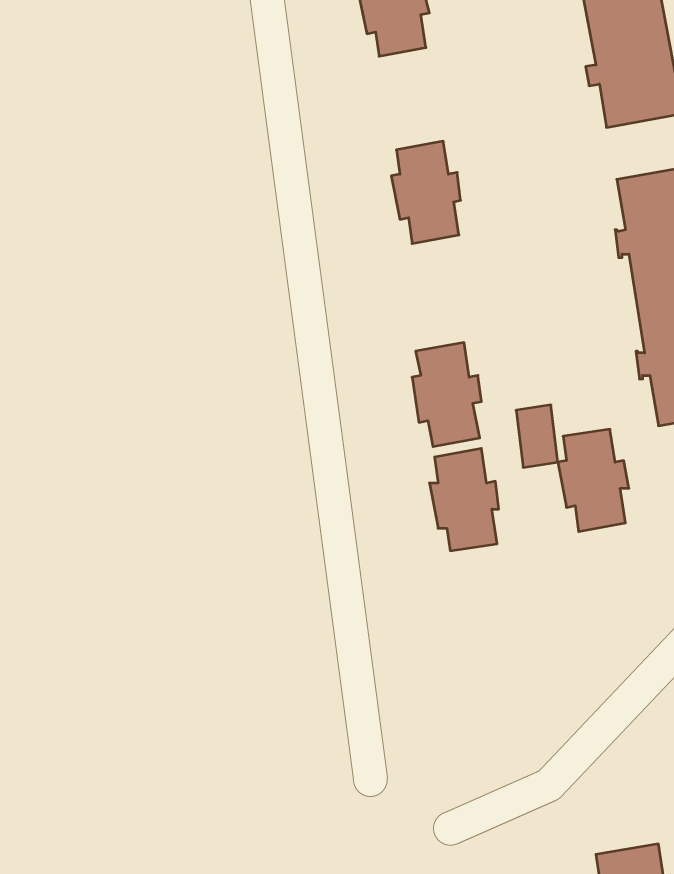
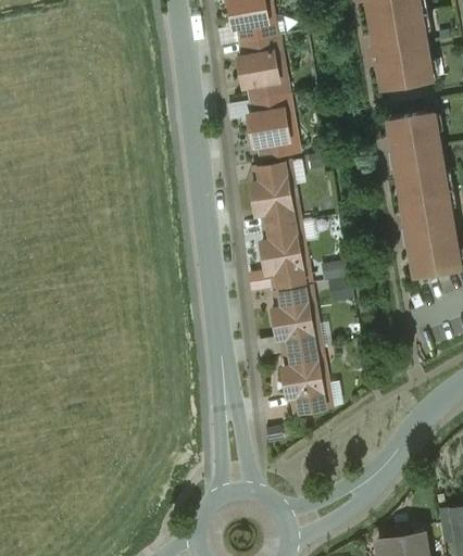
building: none -> [239,37,283,101]
building: none -> [252,163,296,227]
building: [558,429,629,532] -> [283,348,327,412]

